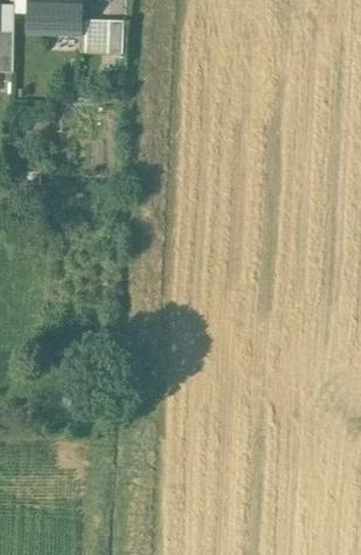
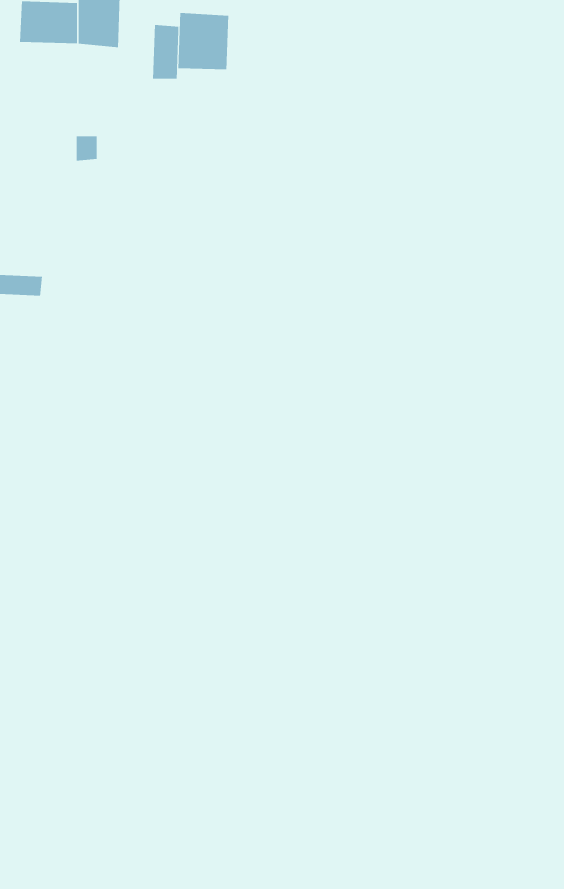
building: none -> [178,12,229,70]

